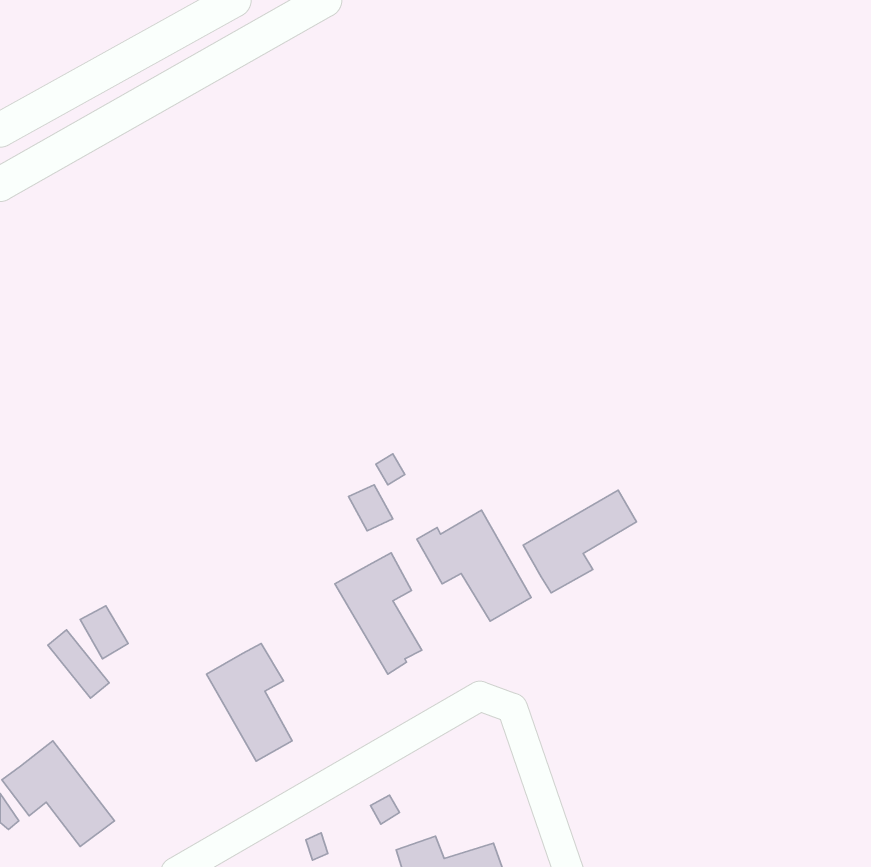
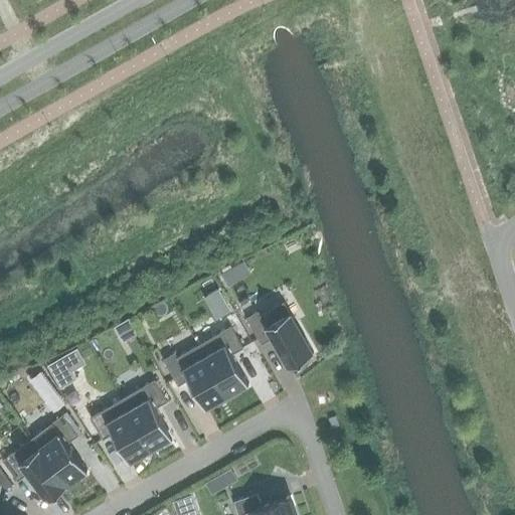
building: [523,490,636,593] -> none
building: none -> [163,347,229,410]
building: none -> [91,400,152,465]
building: none -> [32,417,88,487]

